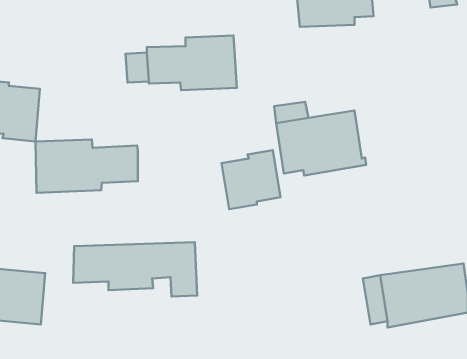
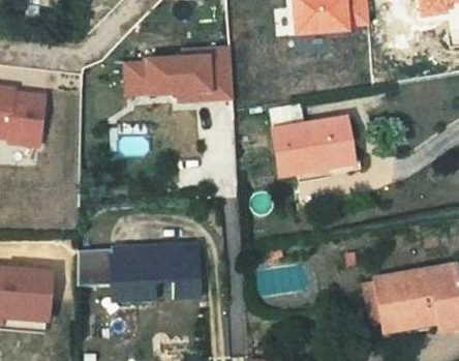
building: [36,139,138,193] -> none
building: [222,150,280,209] -> none

